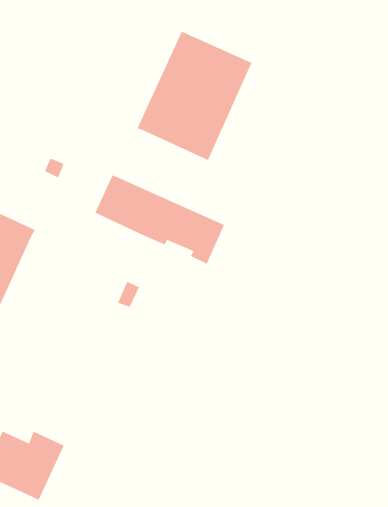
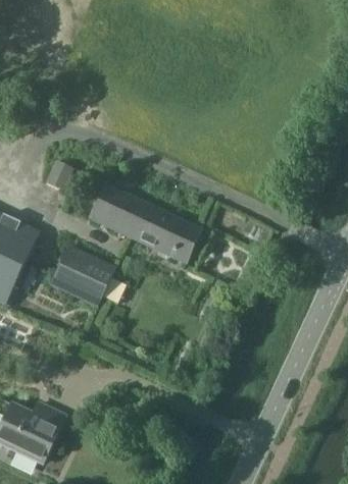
building: [137,31,252,161] -> none
building: none -> [51,246,114,305]

